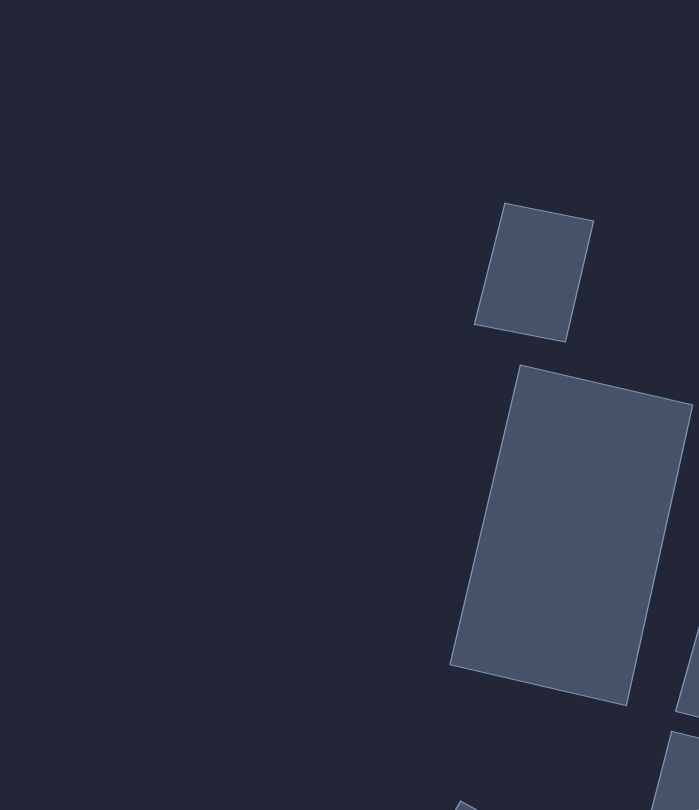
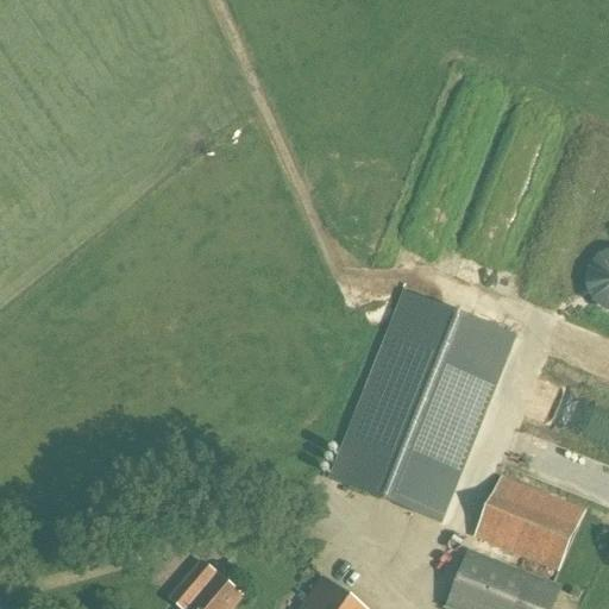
building: [475,203,593,342] -> none

